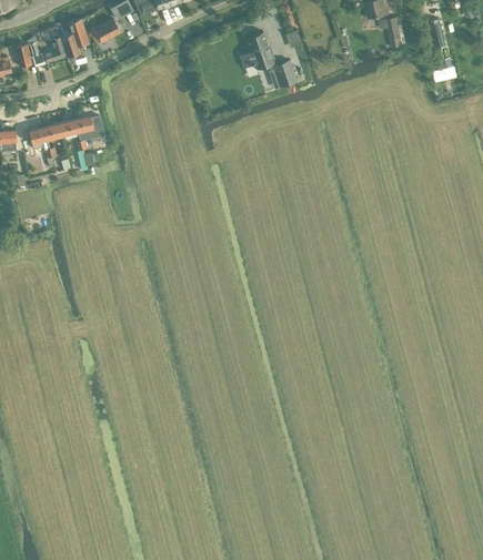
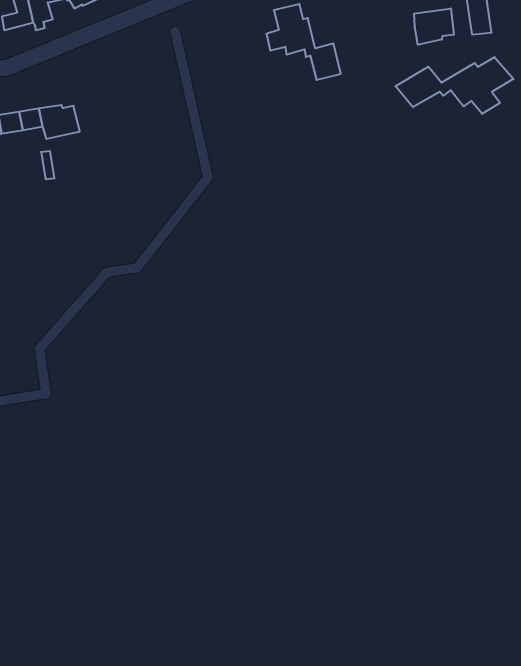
building: none -> [414,8,454,45]
building: none -> [395,57,514,114]

